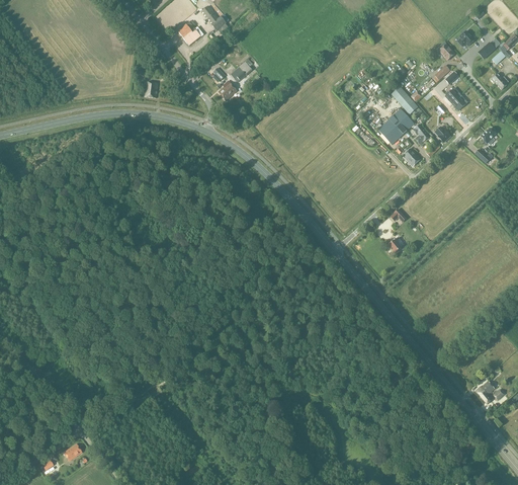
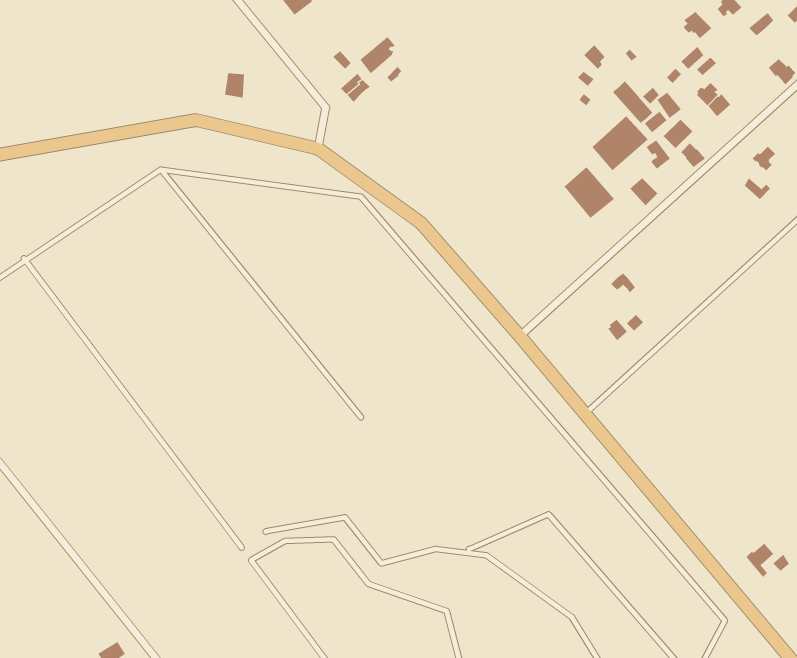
building: none -> [564,167,615,219]

